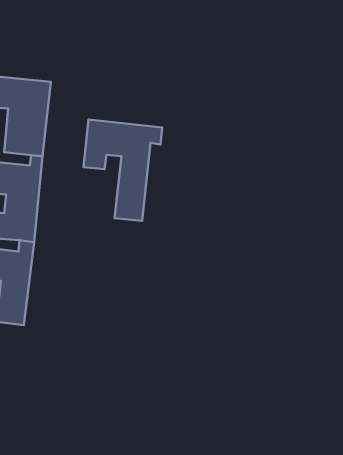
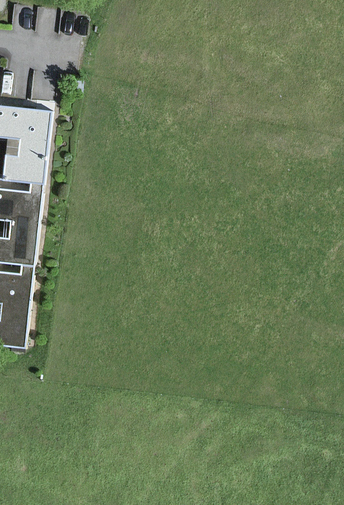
building: [83,120,162,221] -> none

